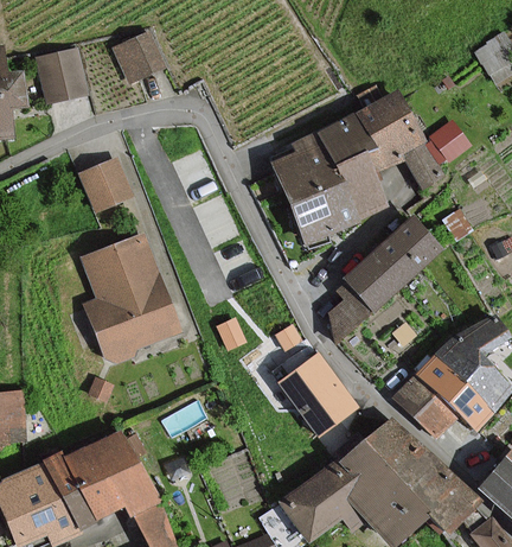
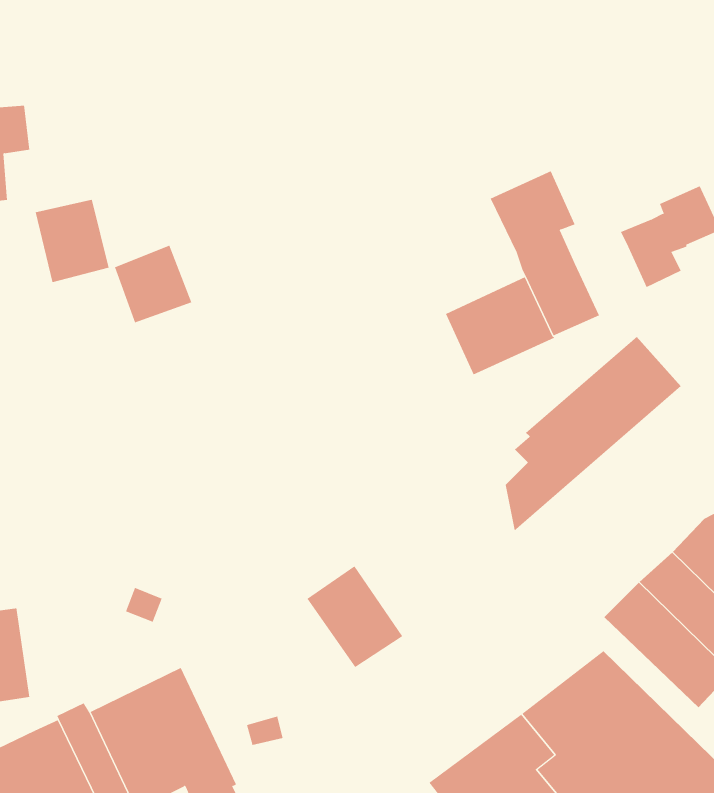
building: [115,33,161,79] -> none
building: [37,49,84,102] -> [35,199,109,283]
building: [358,93,422,171] -> none
building: [271,129,341,203] -> none
building: [76,234,181,364] -> none
building: [288,360,350,425] -> [307,565,403,668]

